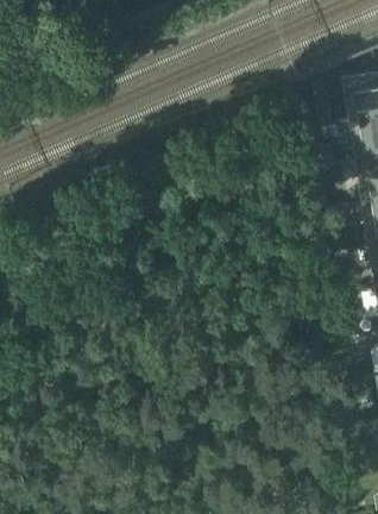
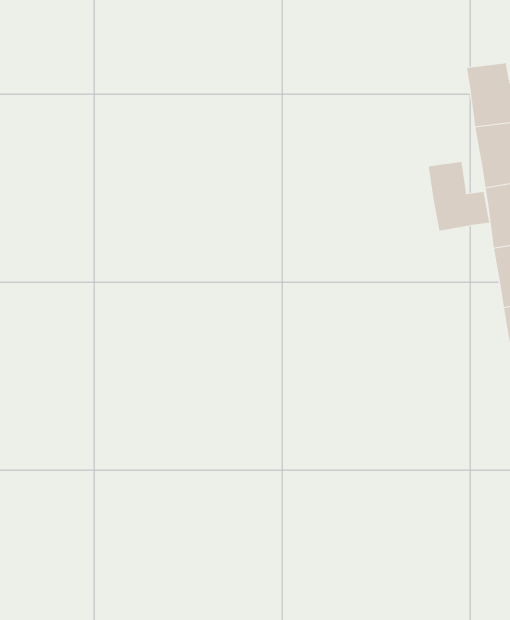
building: none -> [428,161,490,232]

